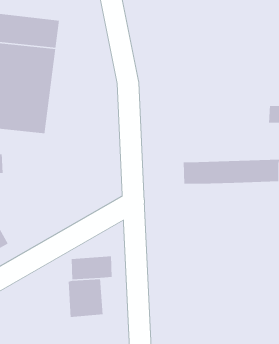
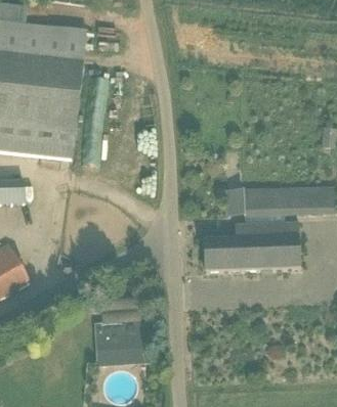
building: none -> [203,213,299,271]

